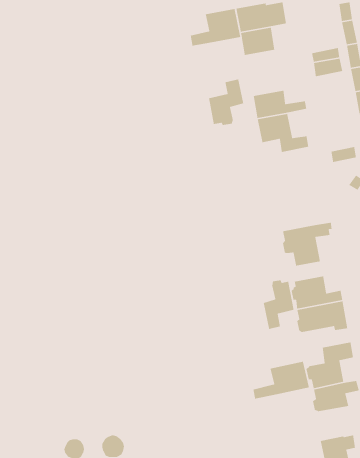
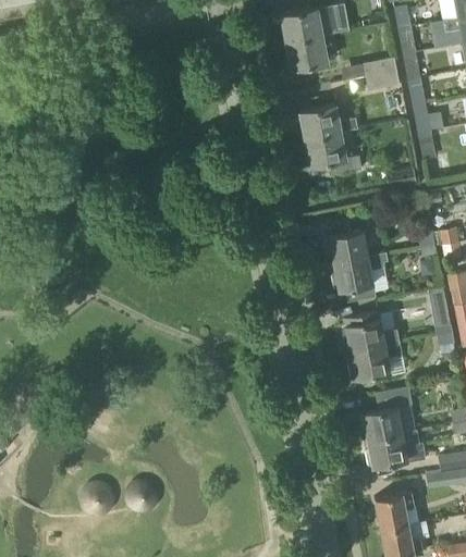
building: [190,8,241,47] -> none
building: [208,78,244,126] -> none
building: none -> [324,230,367,263]
building: [263,280,294,330] -> none
building: [253,361,310,400] -> none

